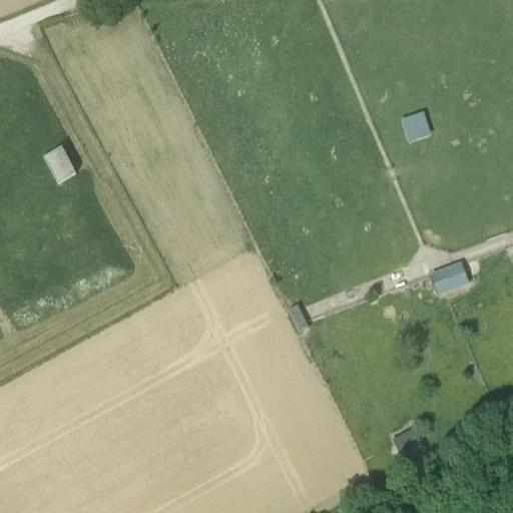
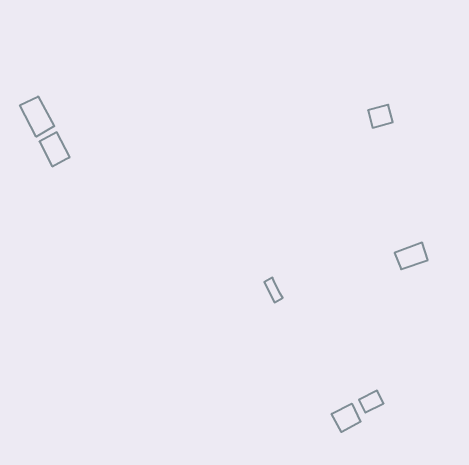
building: none -> [20,96,54,137]
building: none -> [332,404,361,432]

